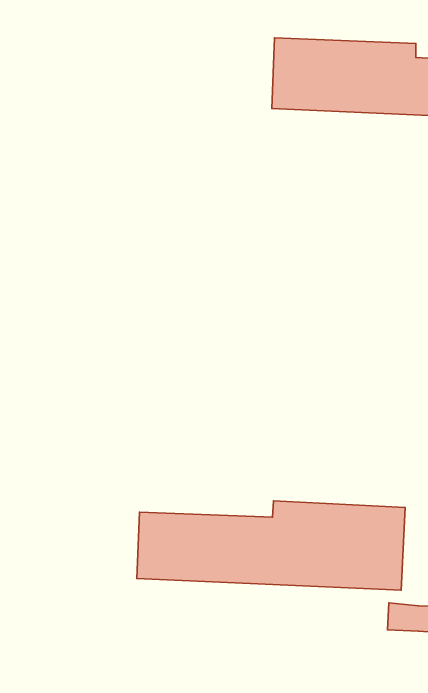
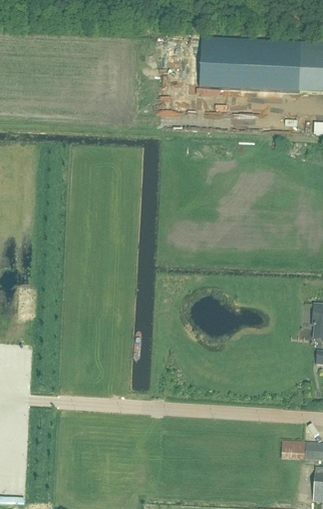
building: [137,501,405,590] -> none

